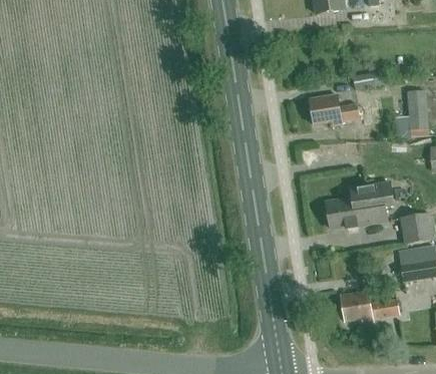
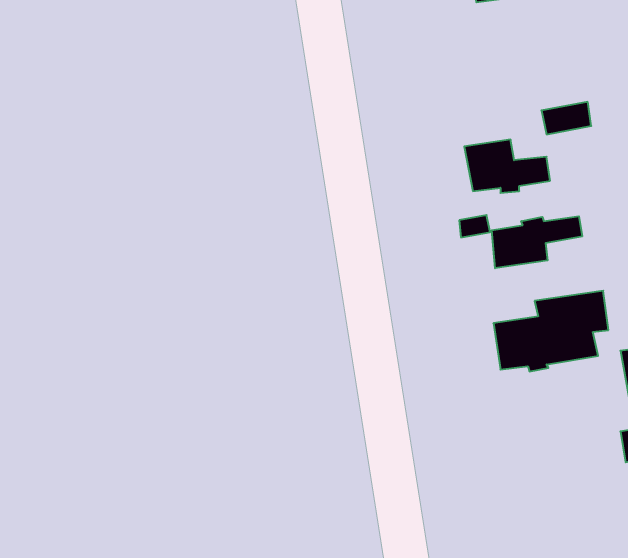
building: none -> [492,216,582,268]
building: [341,290,399,322] -> none

